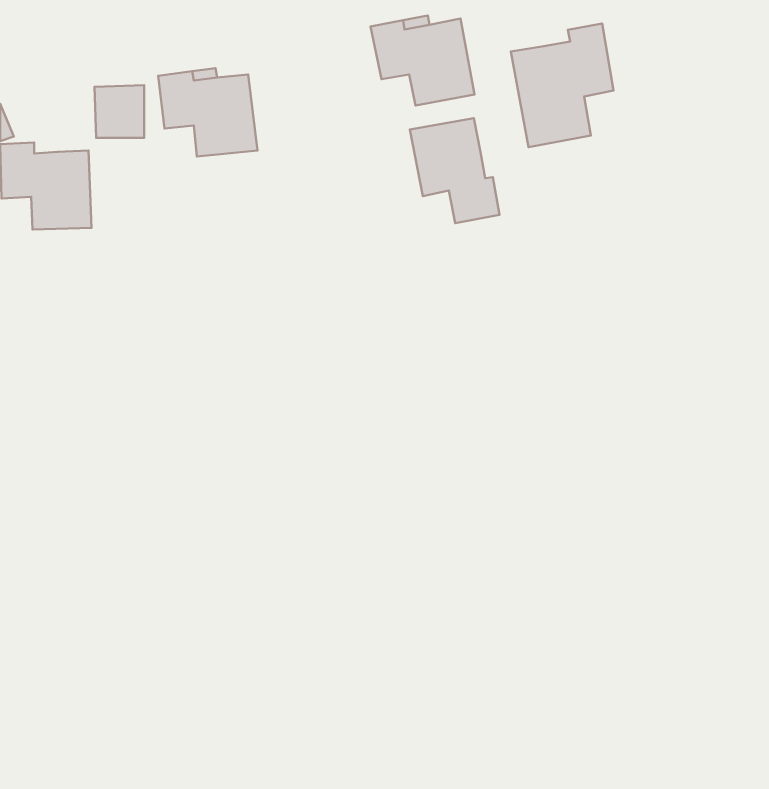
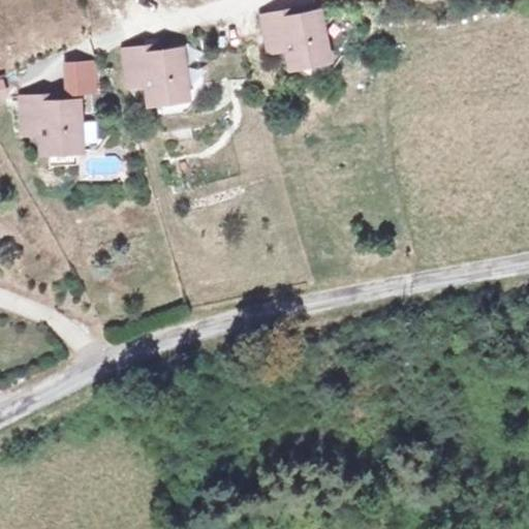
building: [511,24,613,147] -> none
building: [410,118,499,223] -> none

